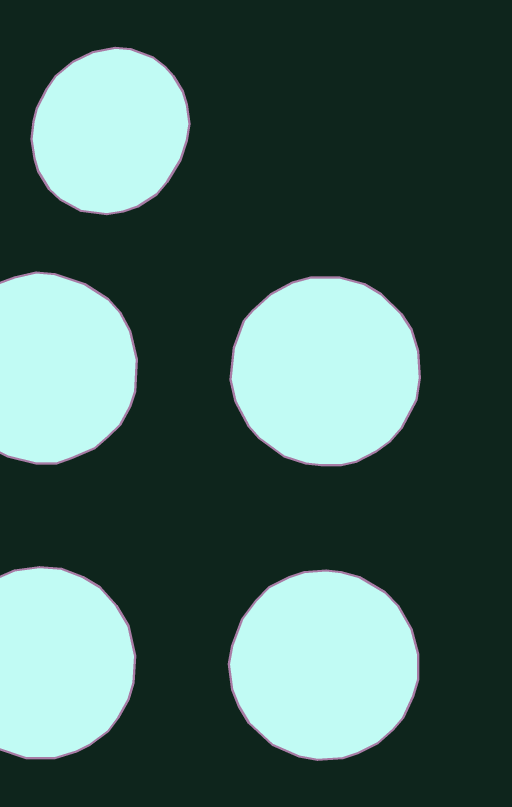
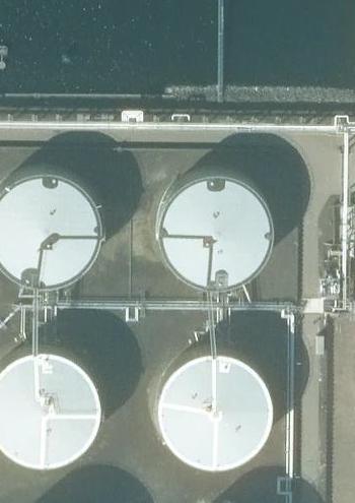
building: [32,48,189,214] -> none

